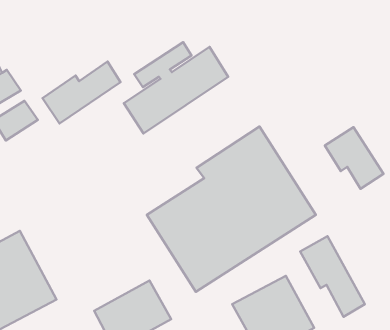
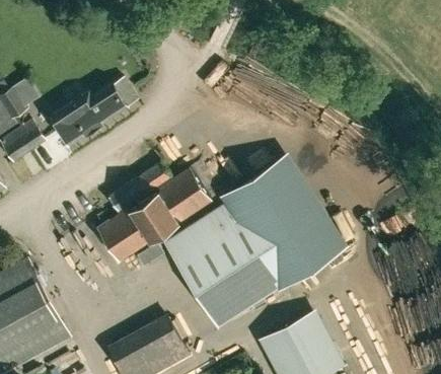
building: [124,42,228,133] -> [97,164,210,263]
building: [325,127,383,189] -> none
building: [300,236,365,317] -> none

